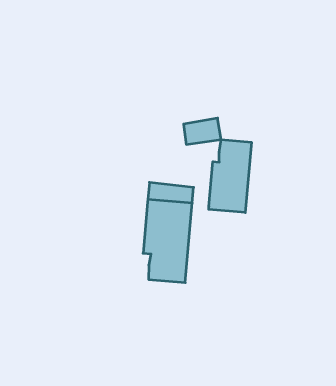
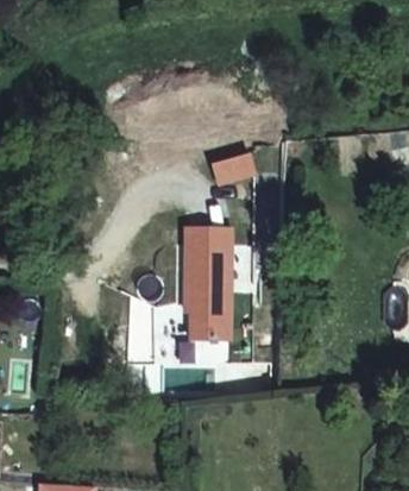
building: [209,140,251,213] -> none

